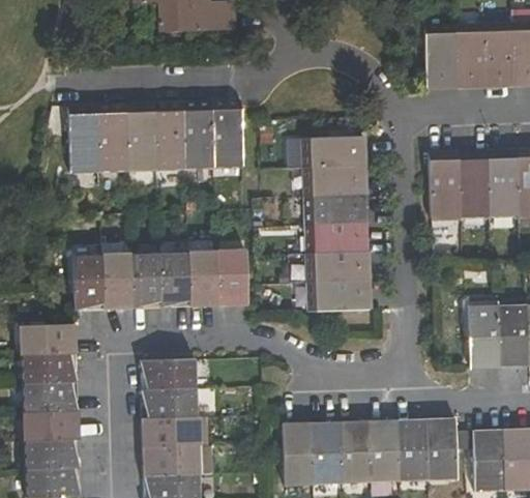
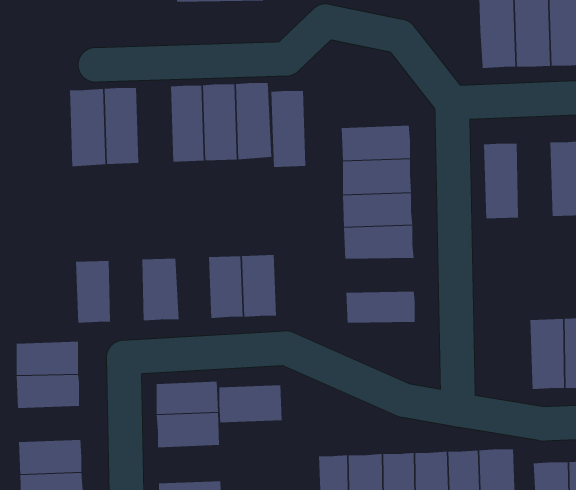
building: [126,102,157,170] -> [271,90,306,167]
building: [459,151,489,217] -> none
building: [160,252,190,306] -> none
building: [307,253,369,283] -> none
building: [102,254,131,309] -> none
building: [22,382,78,413] -> none
building: [144,416,200,449] -> [218,385,282,423]

